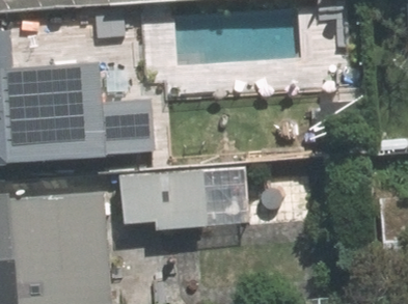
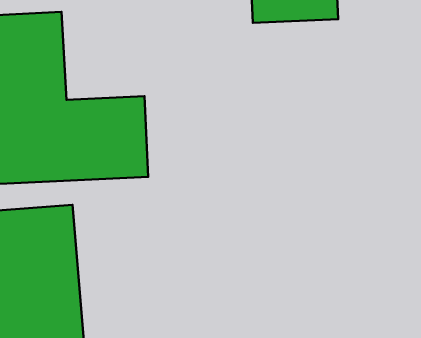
building: [115,167,230,229] -> none

